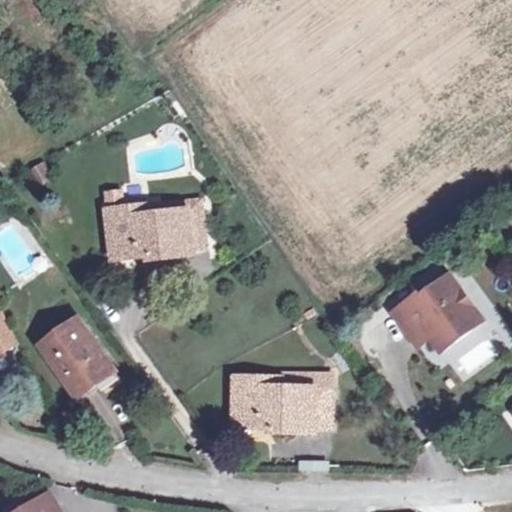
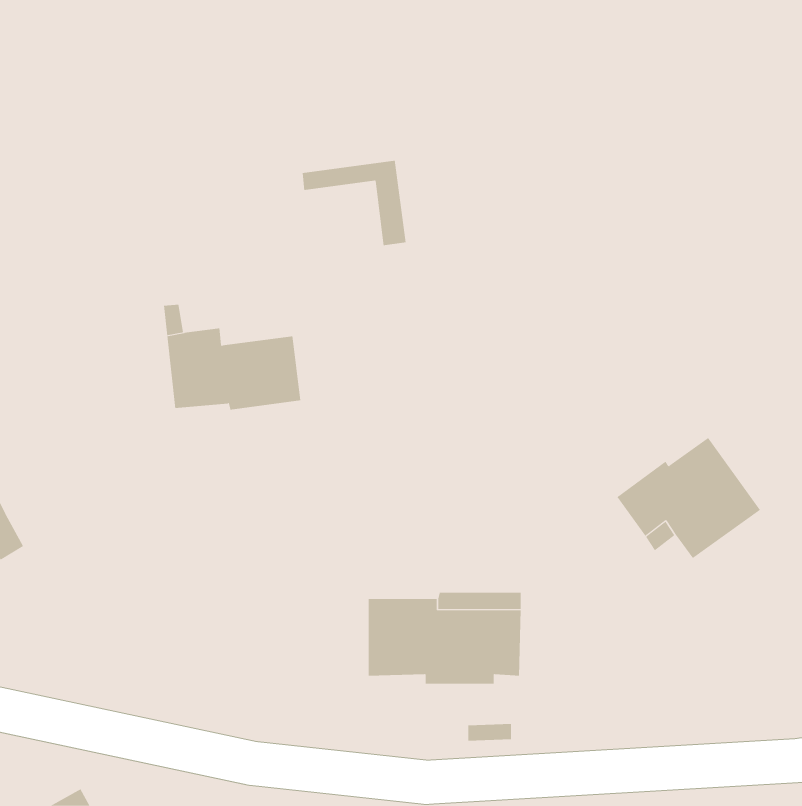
building: [139,199,205,253] -> [302,160,407,246]
building: [43,324,109,395] -> none

